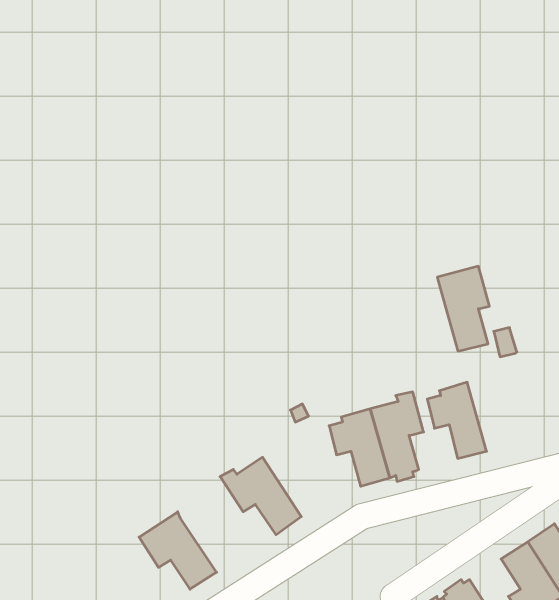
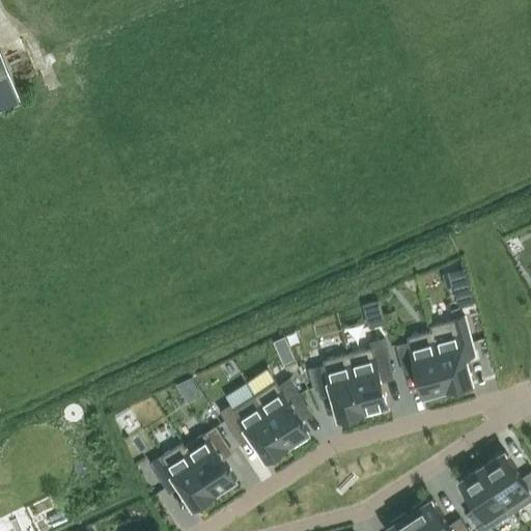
building: [437,266,489,351] -> [429,320,474,393]
building: none -> [255,382,309,450]
building: none -> [185,429,236,497]

